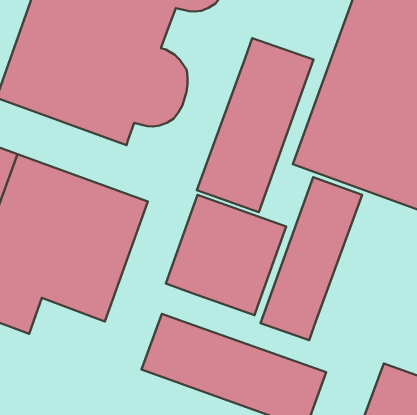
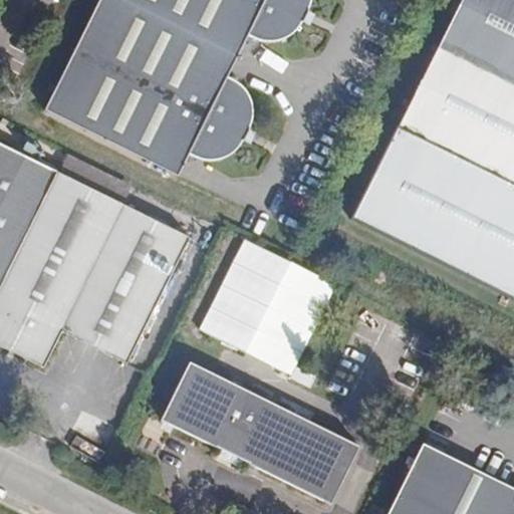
building: [197,38,313,212] -> none
building: [260,177,362,340] -> none

